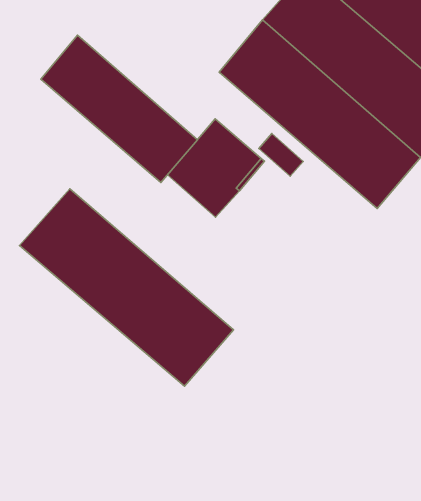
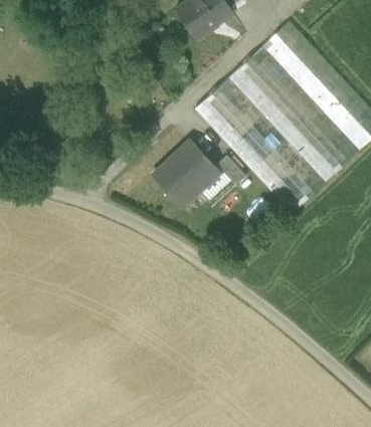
building: [41,35,197,183] -> none
building: [19,189,233,386] -> none

